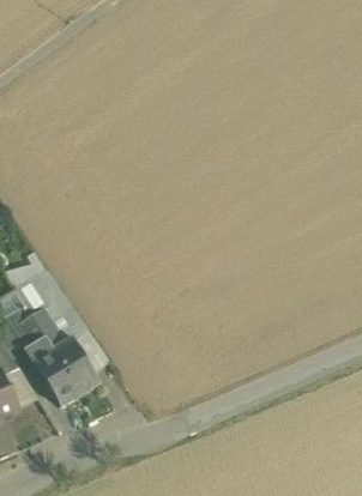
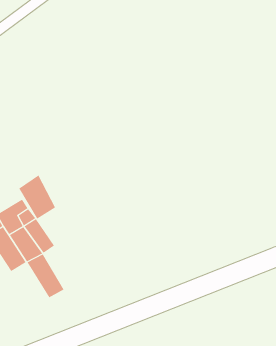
building: none -> [19,174,56,220]
building: [34,349,80,405] -> none

